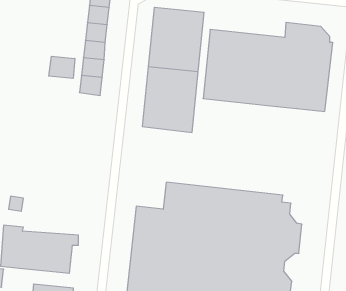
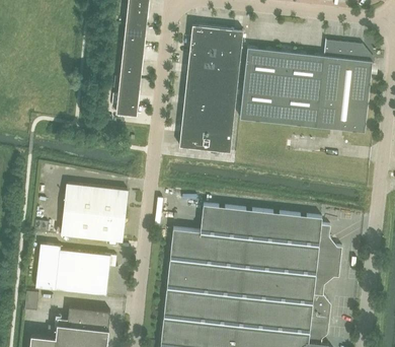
building: [49,56,75,78] -> none
building: none -> [61,184,128,241]

